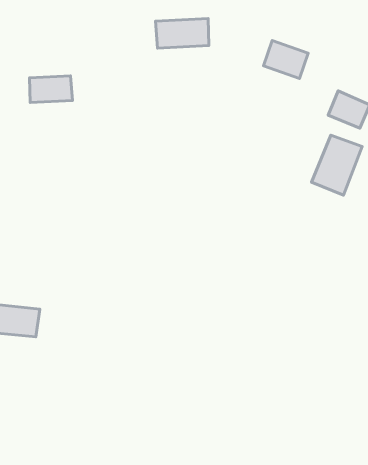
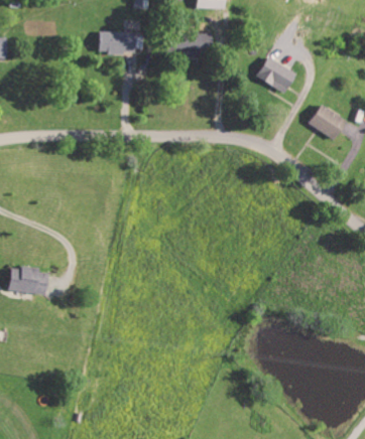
building: [30,76,72,102] -> [99,31,135,53]
building: [312,135,362,195] -> none

